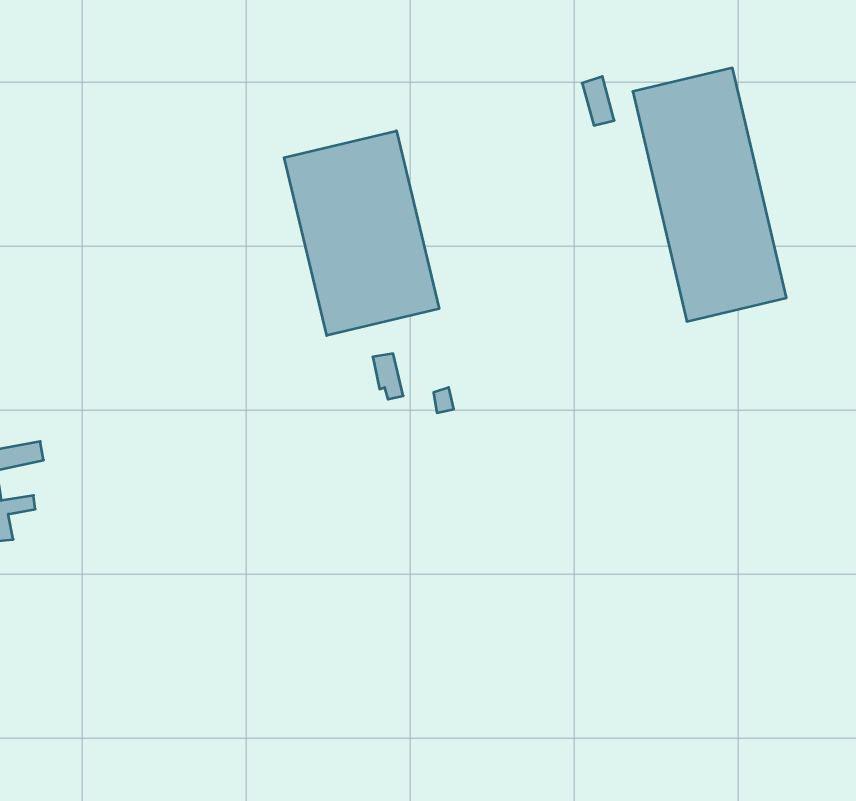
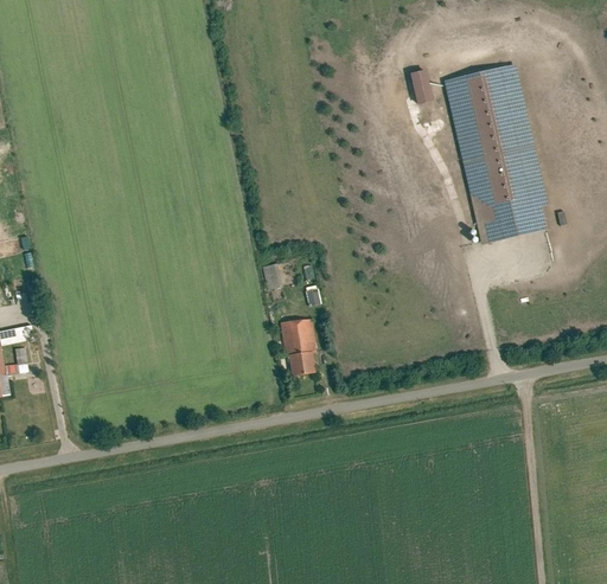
building: [284,131,439,336] -> none
building: none -> [279,317,314,376]

